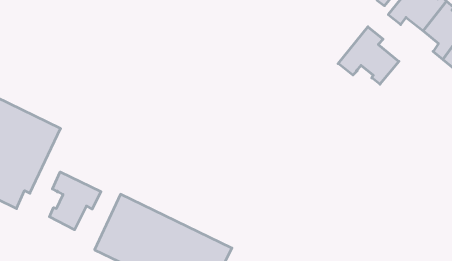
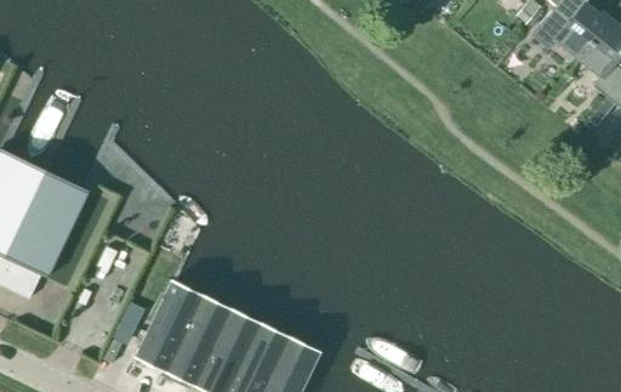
building: [338,27,399,84] -> none
building: [49,172,101,230] -> none

